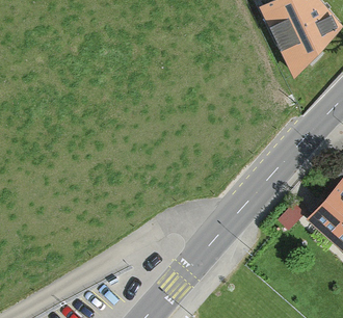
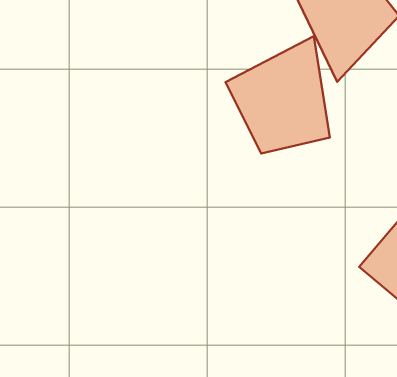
building: none -> [225,36,330,153]

